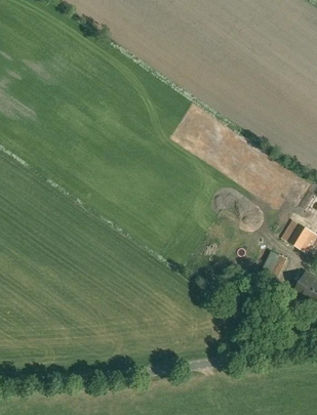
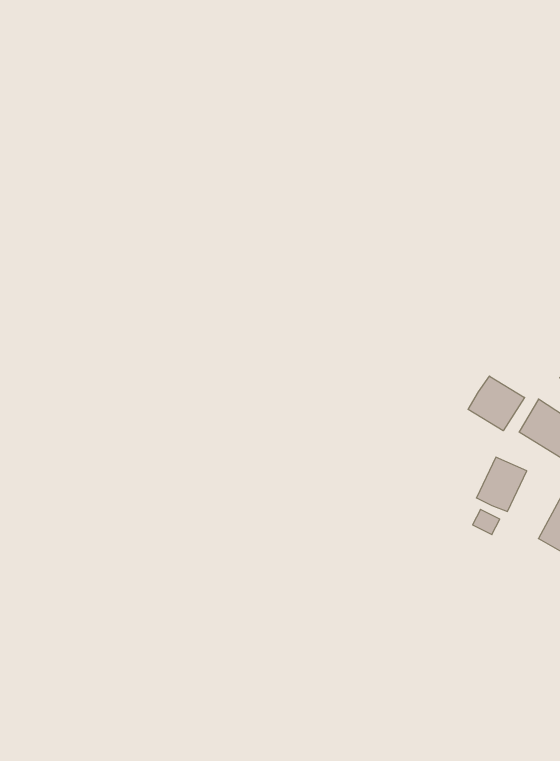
building: none -> [468,376,525,431]

